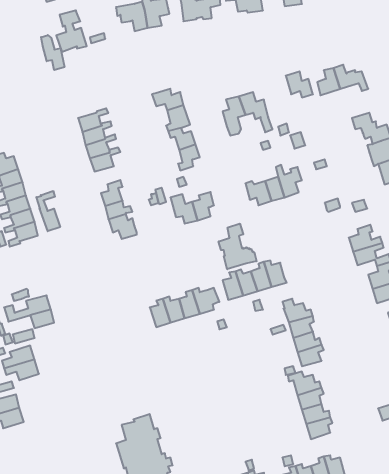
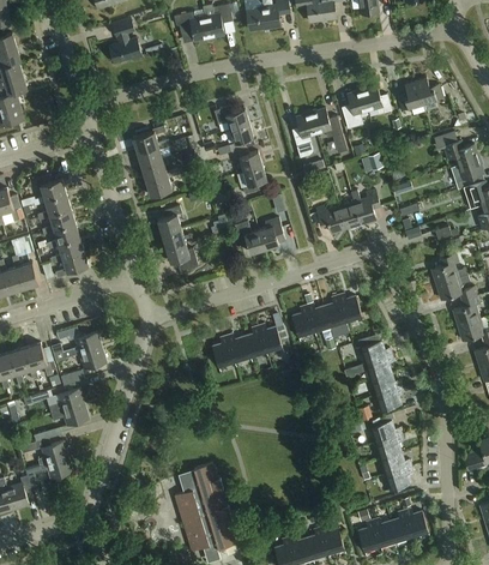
building: [41,35,64,70] -> none
building: none -> [342,90,367,127]
building: [36,191,60,231] -> none
building: [219,224,257,269] -> none

